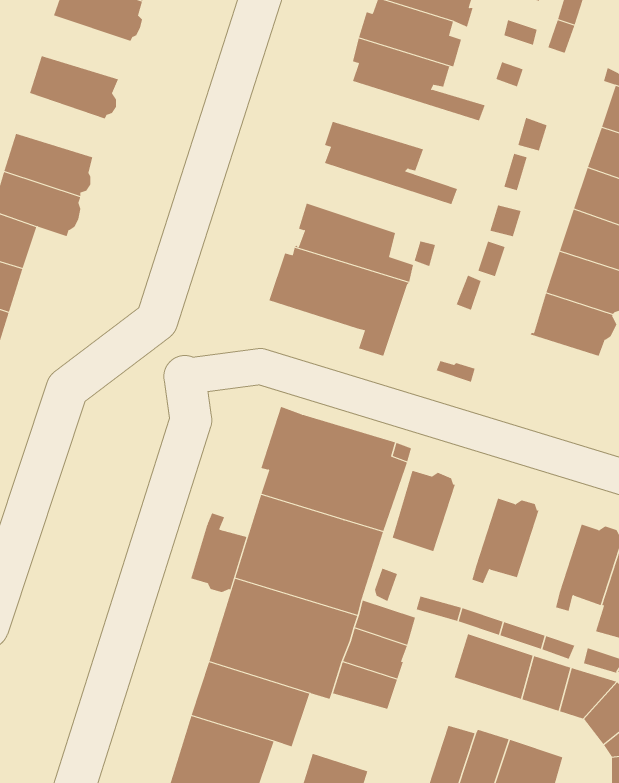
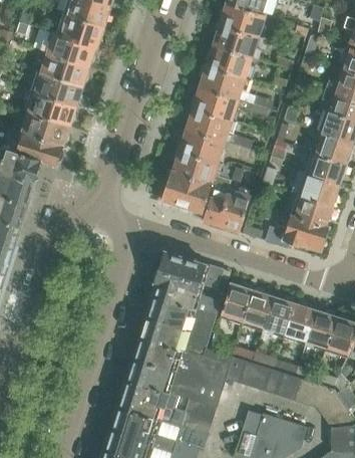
building: none -> [43,53,88,85]
building: none -> [190,86,268,121]
building: none -> [30,92,75,125]
building: none -> [176,128,250,163]
building: none -> [216,189,250,232]
building: none -> [264,214,328,251]
building: none -> [241,288,273,337]
building: none -> [283,301,315,352]
building: [190,512,247,593] -> none
building: none -> [225,357,258,387]
building: none -> [180,395,218,434]

